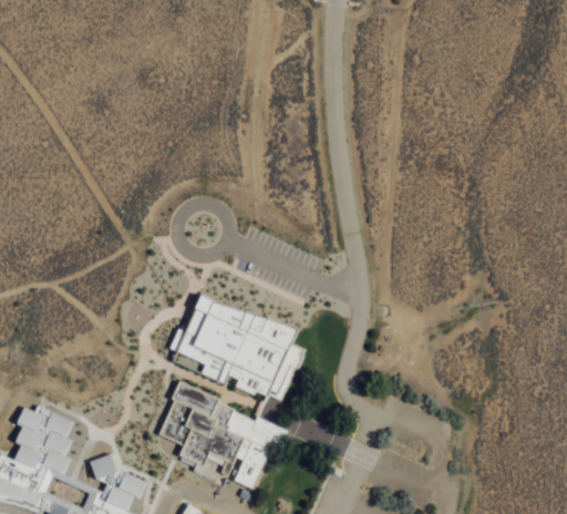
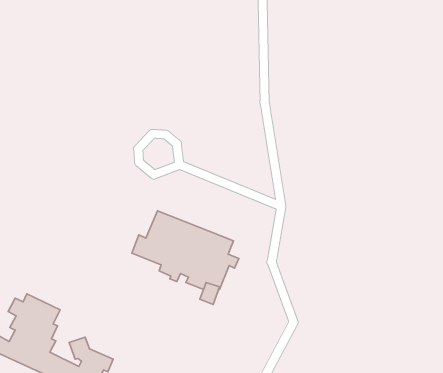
building: [155,381,285,491] -> none

